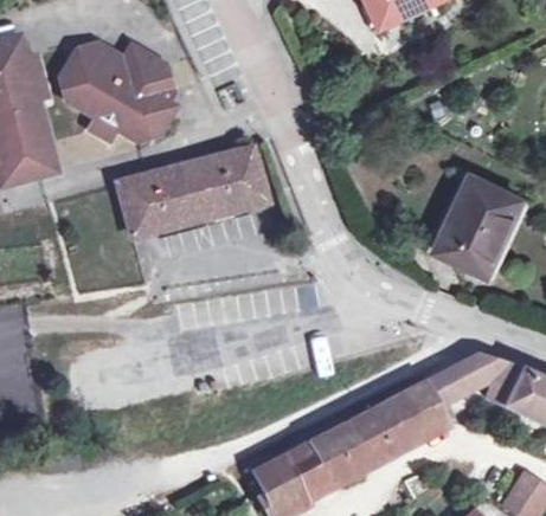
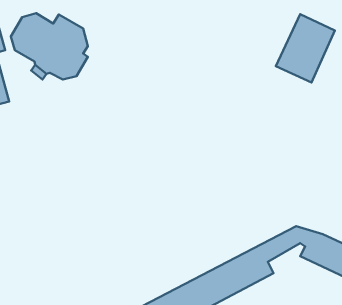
building: [118,148,265,236] -> none
building: [435,175,521,275] -> [276,14,335,82]

